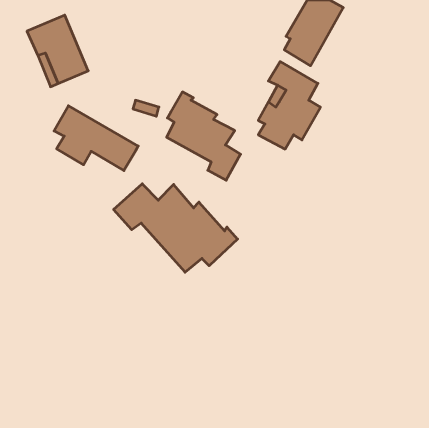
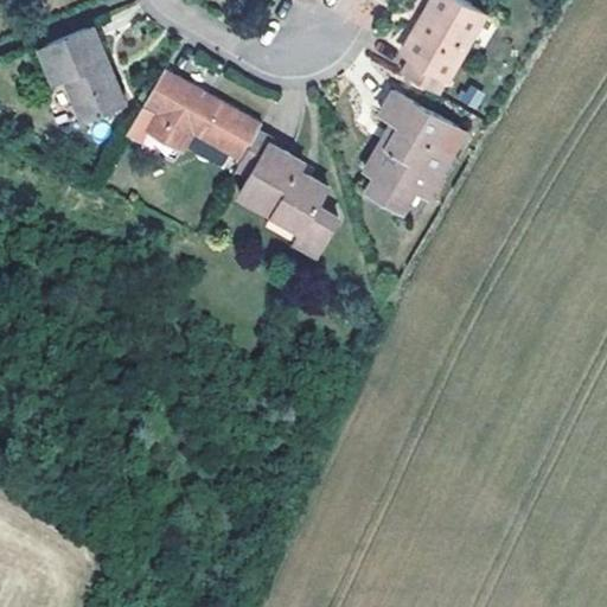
building: [54,106,138,171] -> [142,70,261,161]
building: [114,184,238,272] -> none

